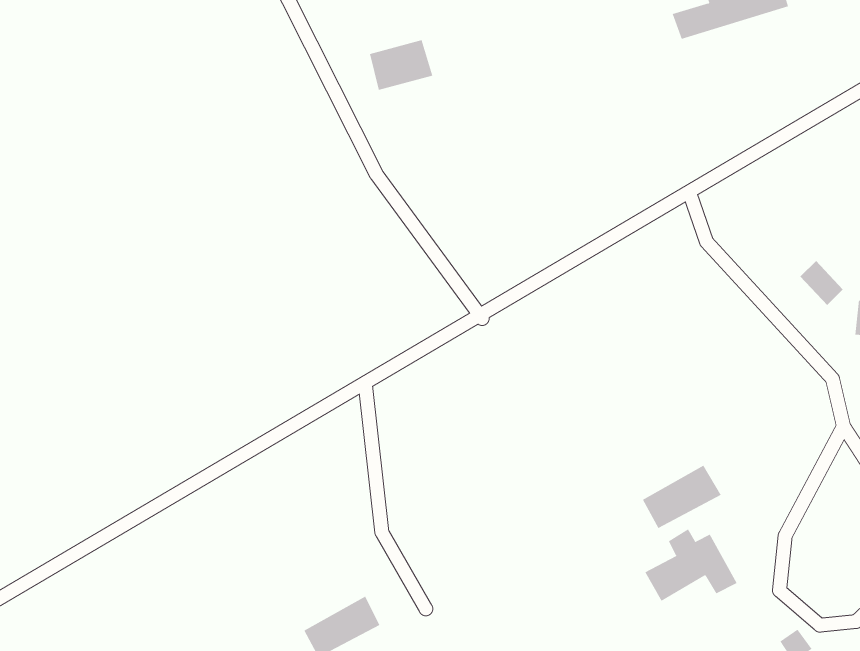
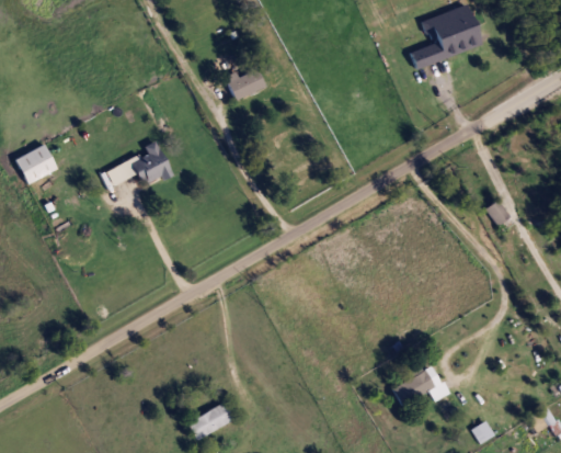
building: none -> [107,140,173,189]
building: none -> [15,144,57,183]
building: [642,465,721,529] -> none

